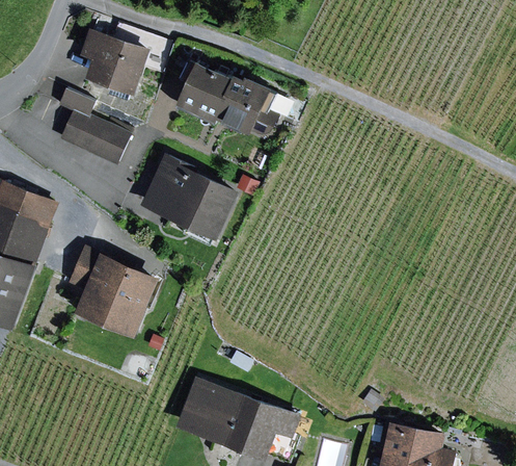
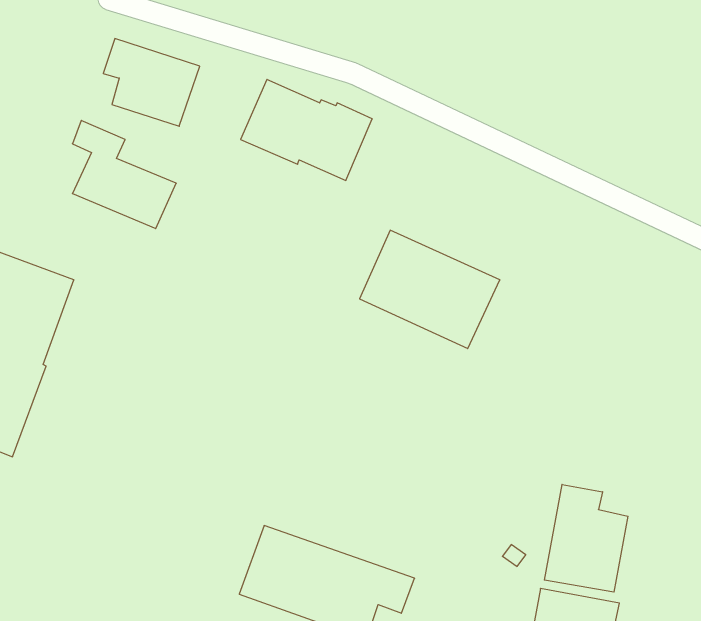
building: [139,156,239,240] -> [360,230,500,349]
building: [66,245,158,336] -> none
building: none -> [544,484,628,592]

